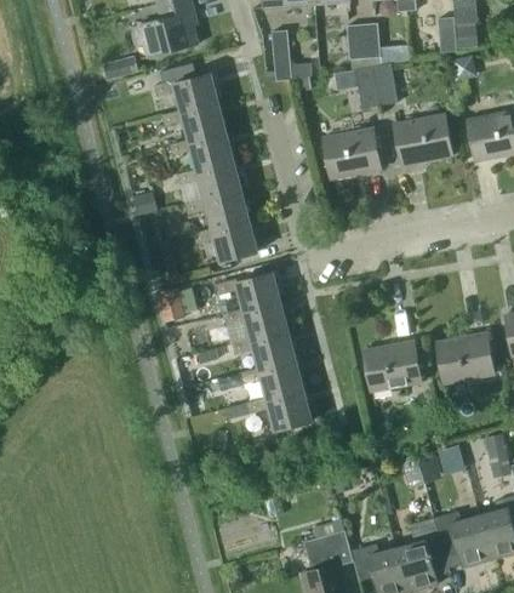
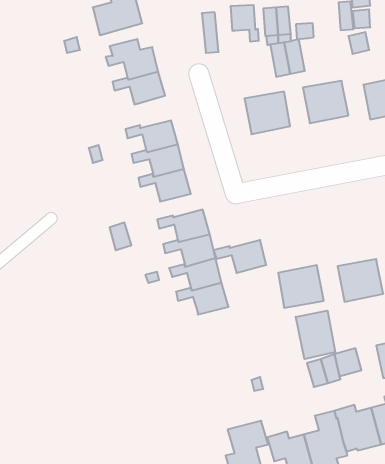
building: none -> [231,5,259,42]
building: [169,132,233,172] -> none
building: [246,390,310,431] -> [214,240,266,273]
building: none -> [296,311,335,359]

